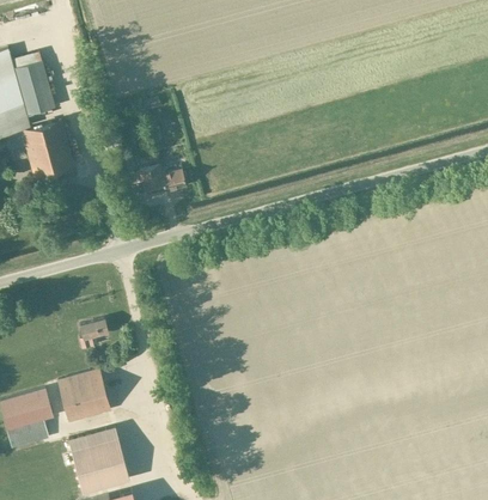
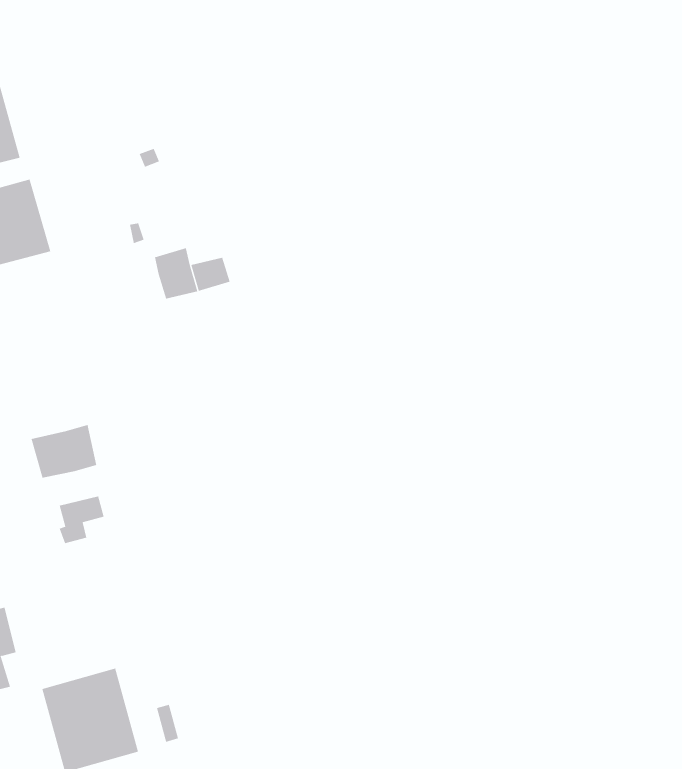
building: none -> [31,424,97,479]
building: [57,371,110,423] -> none

